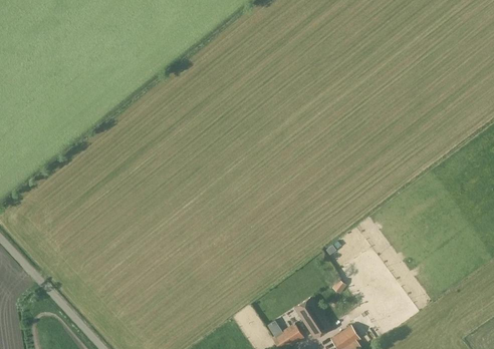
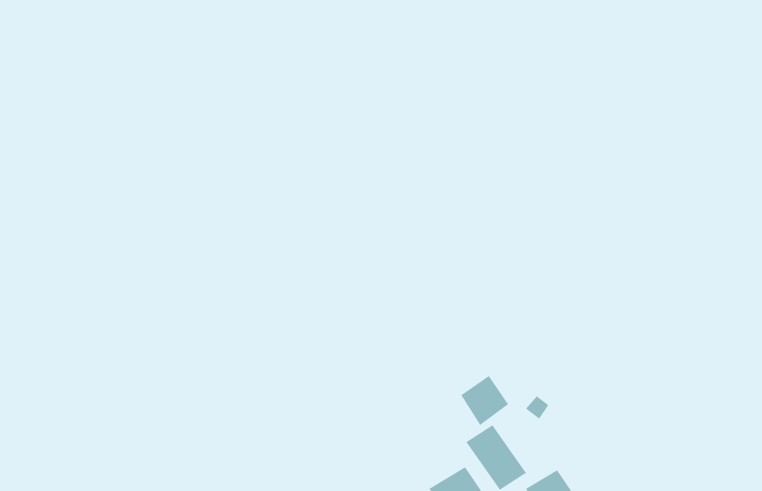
building: none -> [461,375,509,426]

